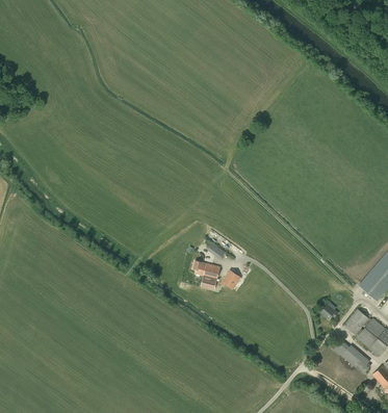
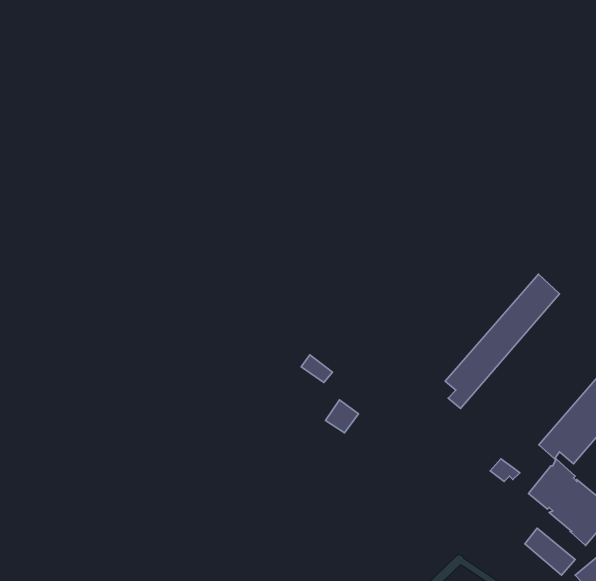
building: none -> [445,274,560,408]
building: [192,259,219,288] -> none

